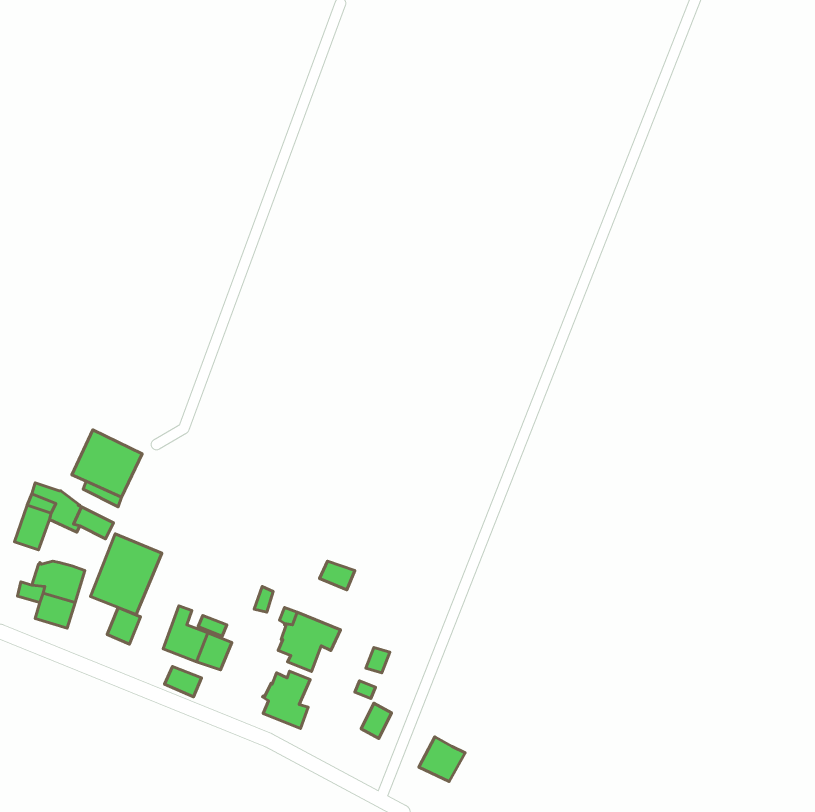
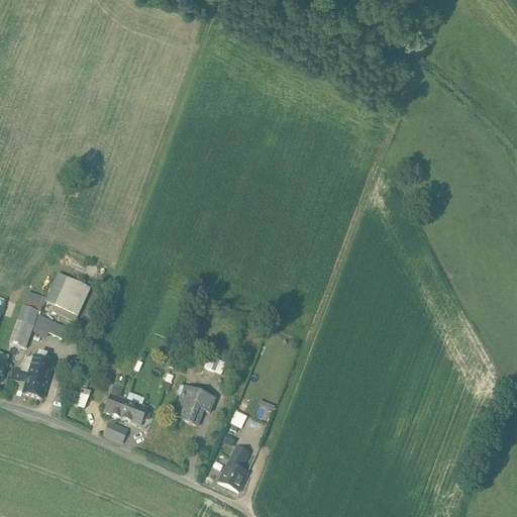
building: [91,534,162,614] -> none
building: [263,671,310,729] -> none
building: [419,737,465,782] -> [219,460,248,489]

